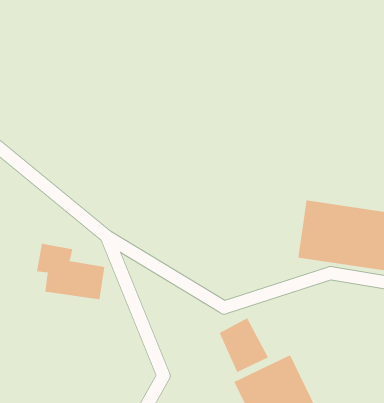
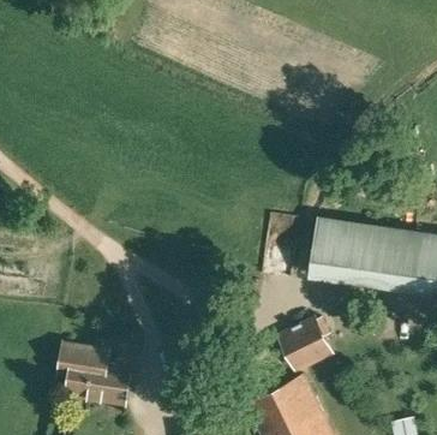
building: [36,243,105,300] -> [59,345,128,403]
building: [219,317,269,373] -> [277,320,328,376]

